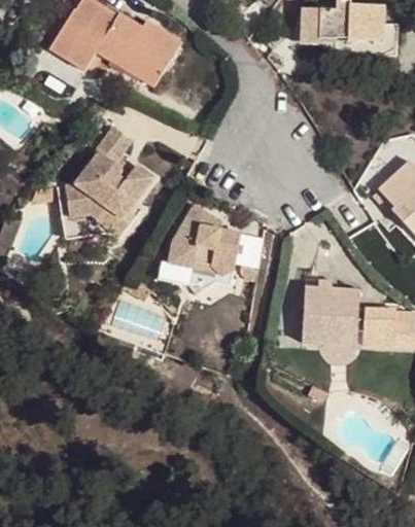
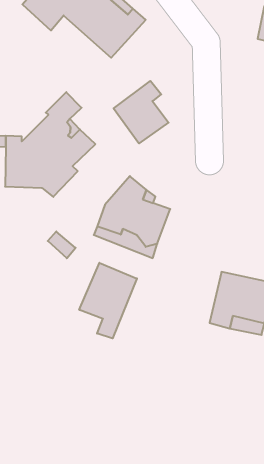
building: none -> [114,81,169,143]
building: none -> [79,263,137,338]

